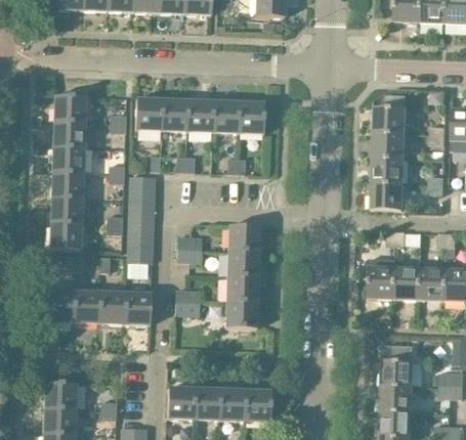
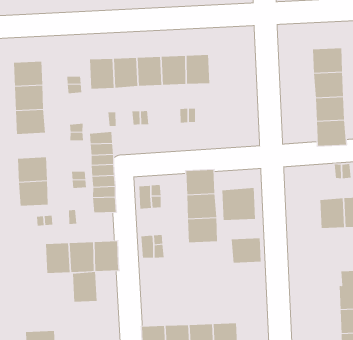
building: [51,171,84,197] -> none
building: none -> [222,187,256,221]
building: [47,290,74,321] -> [72,271,97,302]
building: [226,301,258,327] -> [231,238,261,263]

